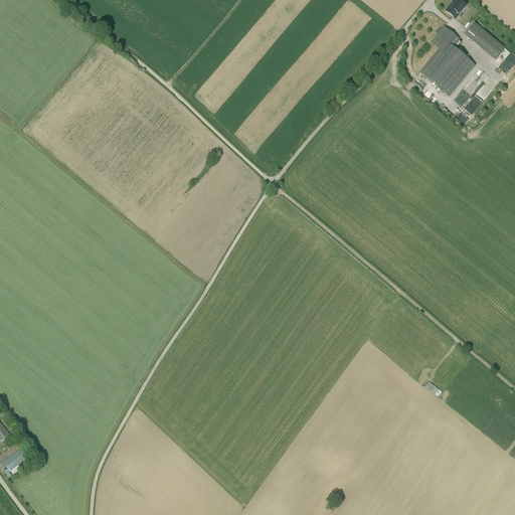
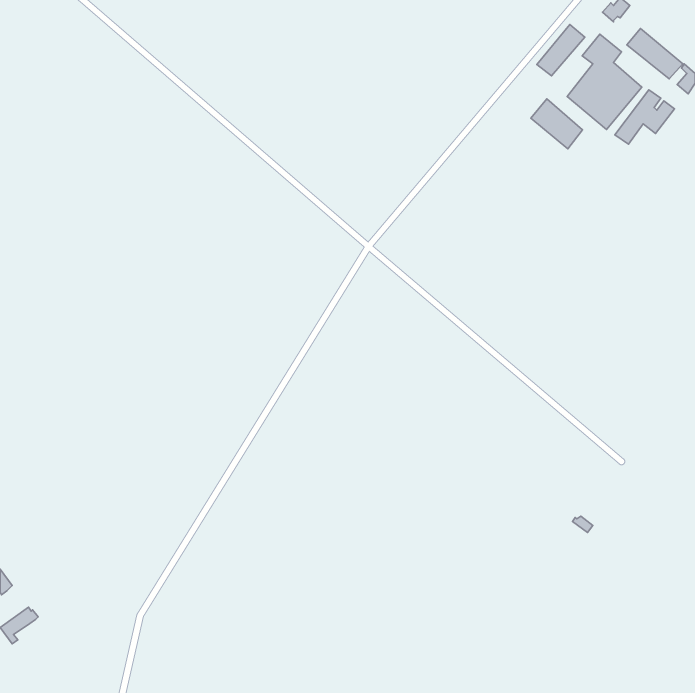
building: none -> [537,25,585,76]
building: none -> [531,99,582,149]

